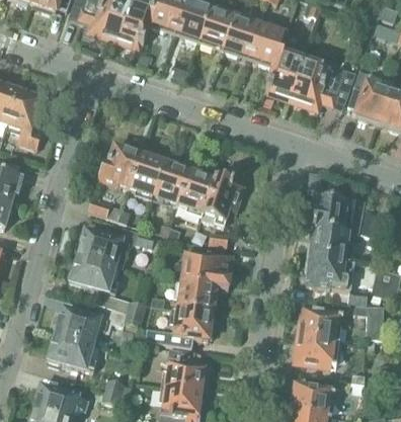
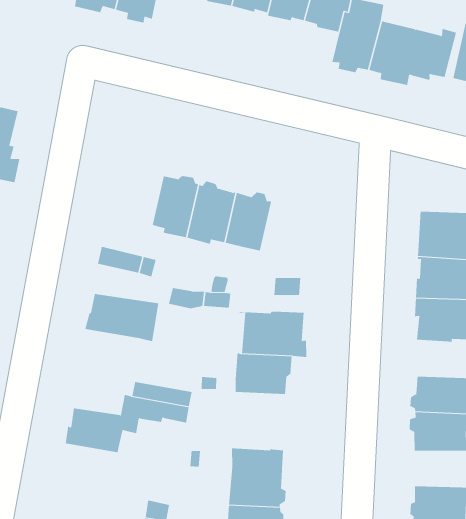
building: [98,143,140,187] -> none
building: [200,174,241,225] -> none
building: [70,255,117,293] -> none
building: [143,308,214,348] -> none
building: [48,333,95,371] -> none

